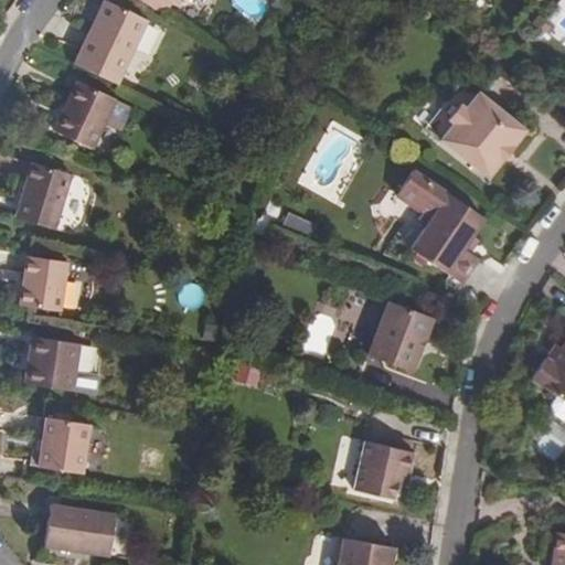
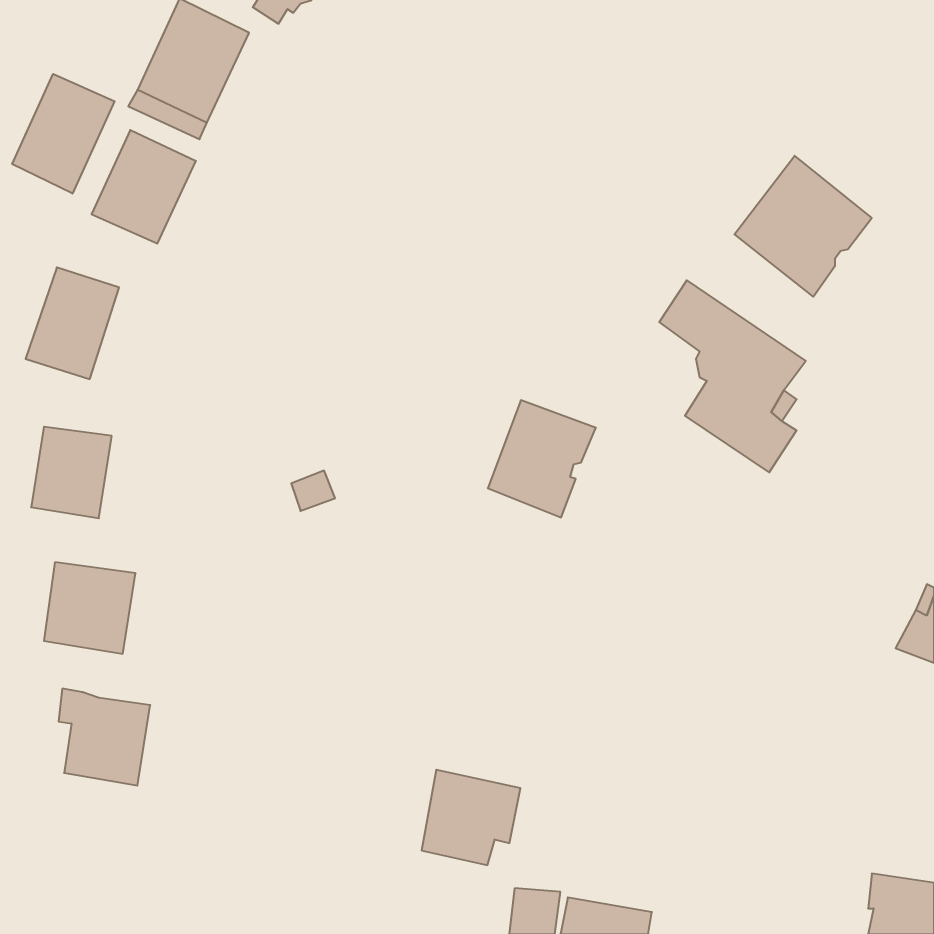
building: none -> [12,74,115,194]
building: [366,301,431,372] -> [488,400,596,517]
building: [352,439,412,497] -> [422,770,520,865]
building: [45,504,117,555] -> none

